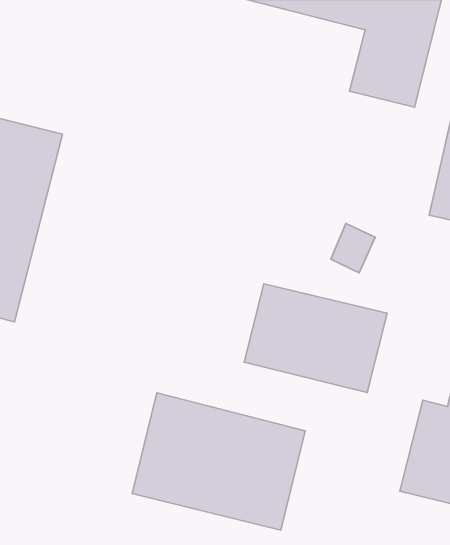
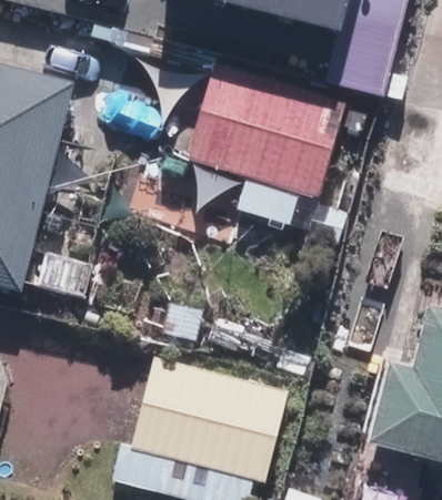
building: none -> [193,63,346,175]
building: [244,284,387,393] -> none

